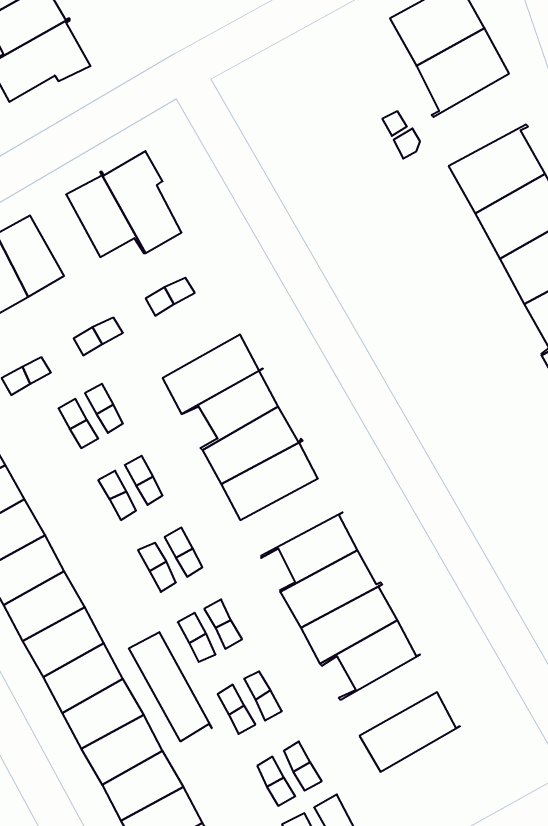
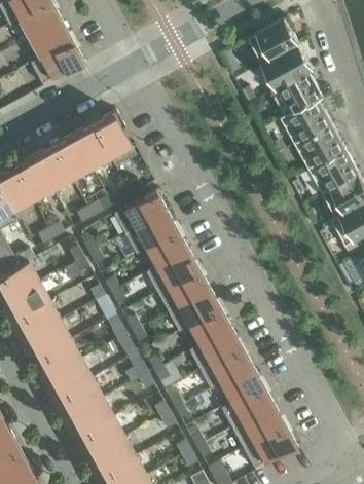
building: none -> [271,69,322,119]
building: none -> [52,135,90,179]
building: none -> [113,191,167,234]
building: none -> [167,289,222,331]
building: [129,632,212,741] -> none
building: none -> [221,384,274,429]
building: none -> [243,423,297,468]

